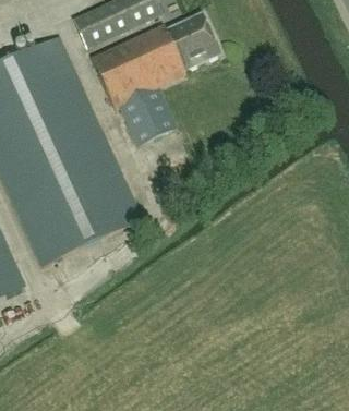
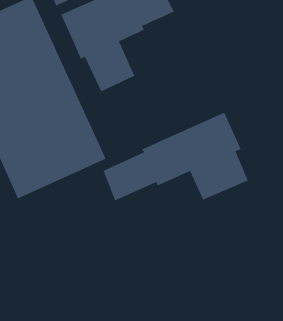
building: none -> [103,112,248,201]

